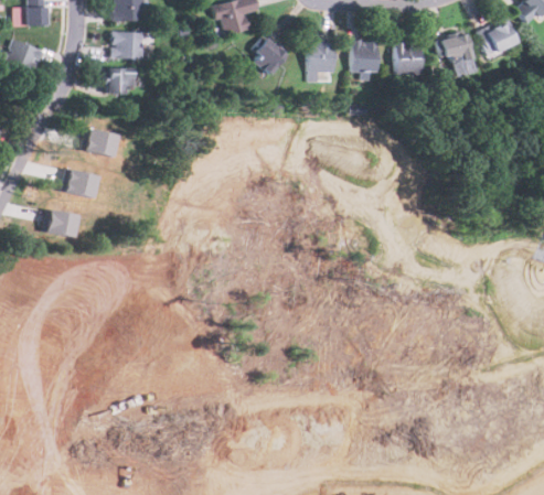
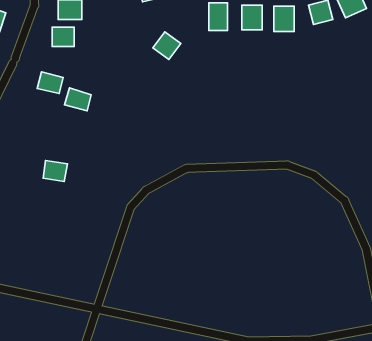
building: [250,37,287,74] -> [153,32,181,60]
building: [64,166,99,196] -> [64,88,91,111]
building: [47,208,79,236] -> [43,161,68,182]

